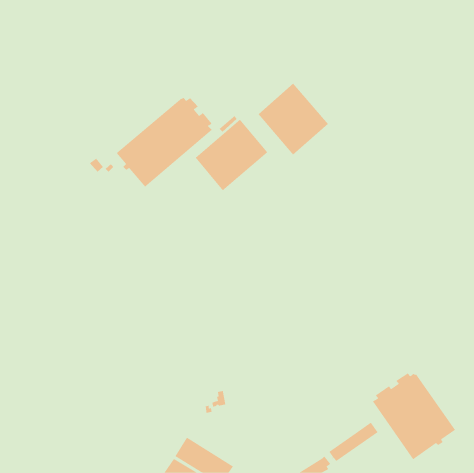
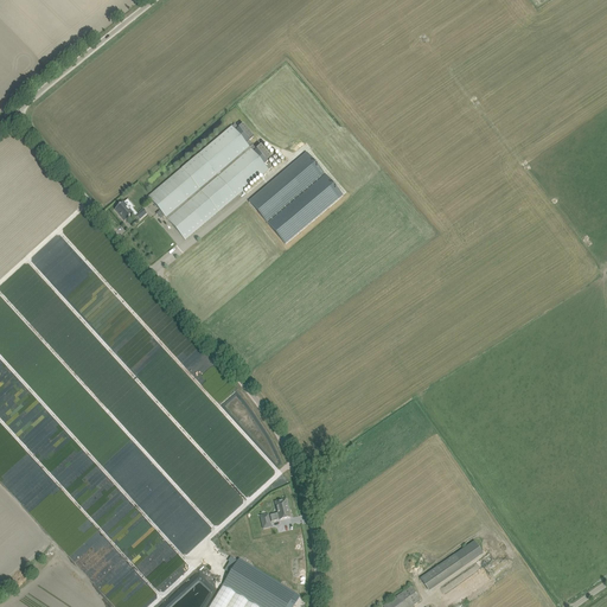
building: [258,83,329,155] -> none
building: [372,372,456,460] -> none

